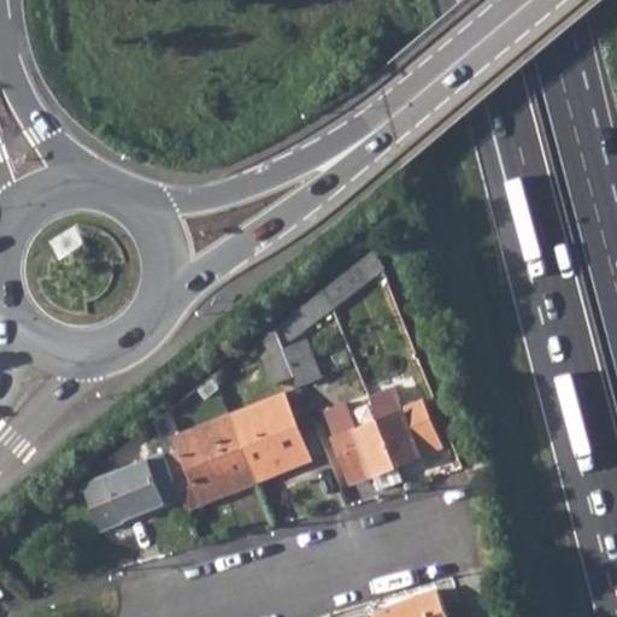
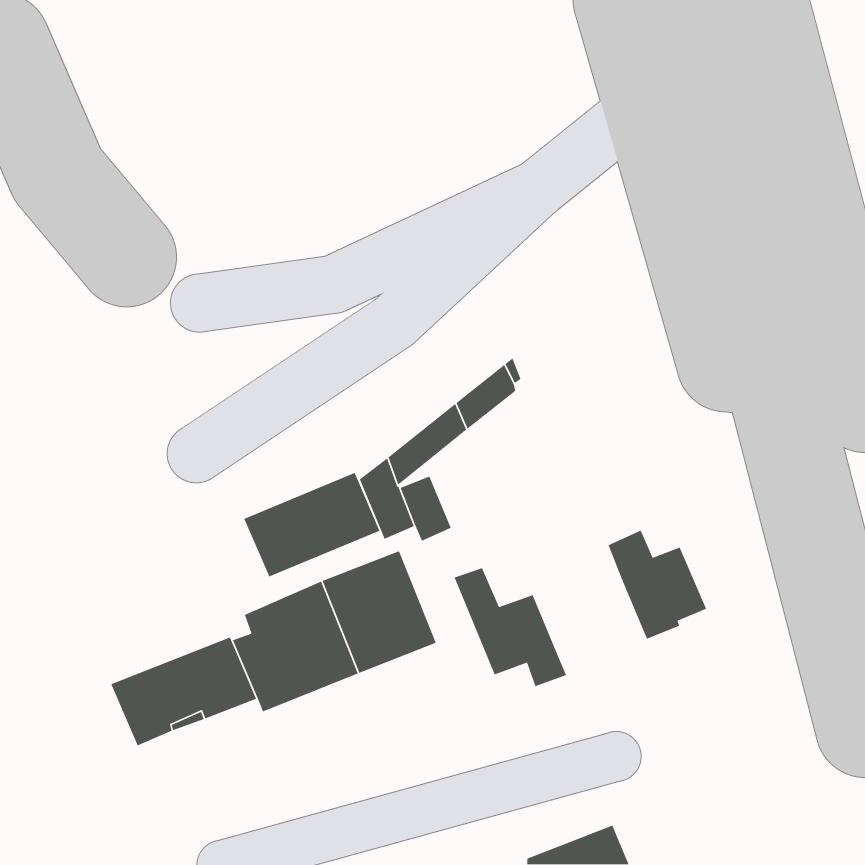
building: none -> [243,472,381,578]
building: [370,388,441,466] -> [607,530,707,640]

